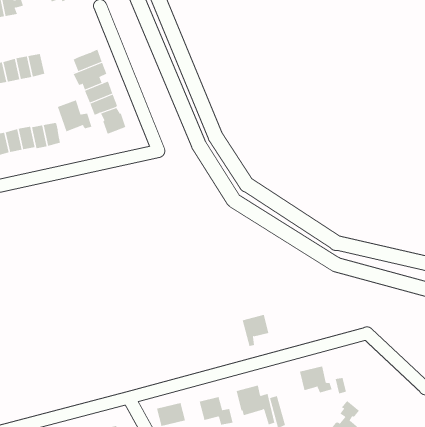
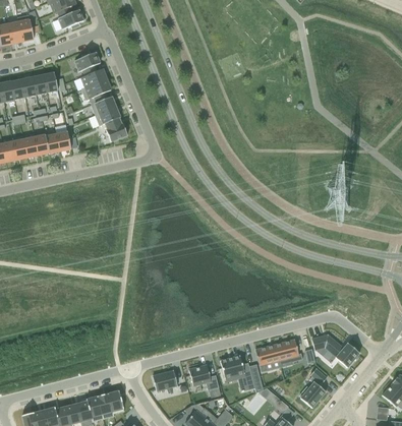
building: none -> [75,52,101,76]
building: [57,100,92,132] -> none
building: [242,314,269,346] -> [255,345,279,372]
building: none -> [312,336,360,368]

